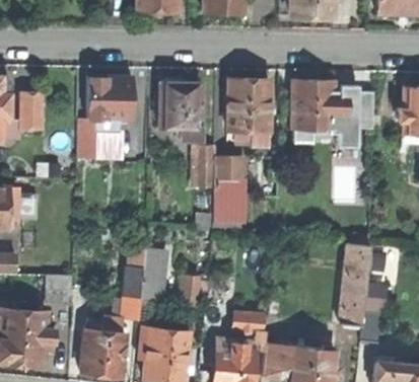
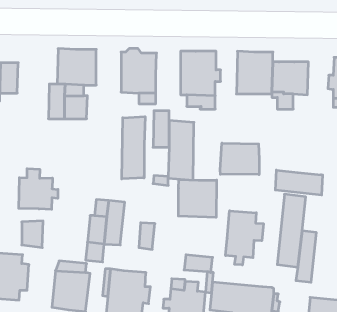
building: none -> [122,117,145,179]
building: none -> [220,143,259,175]
building: none -> [19,169,58,209]
building: none -> [275,170,323,195]
building: none -> [178,180,217,217]
building: none -> [226,211,263,265]

